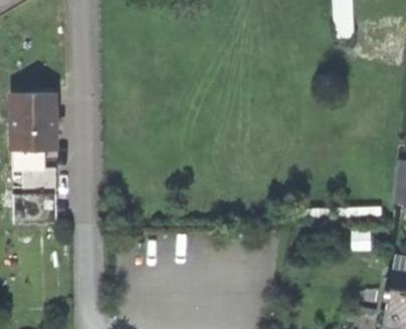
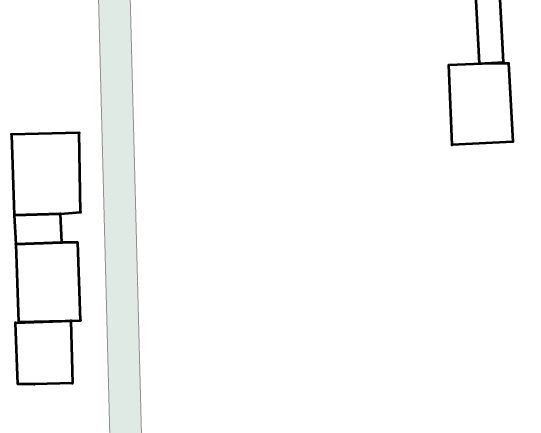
building: none -> [449,63,513,145]
building: none -> [15,321,72,384]

